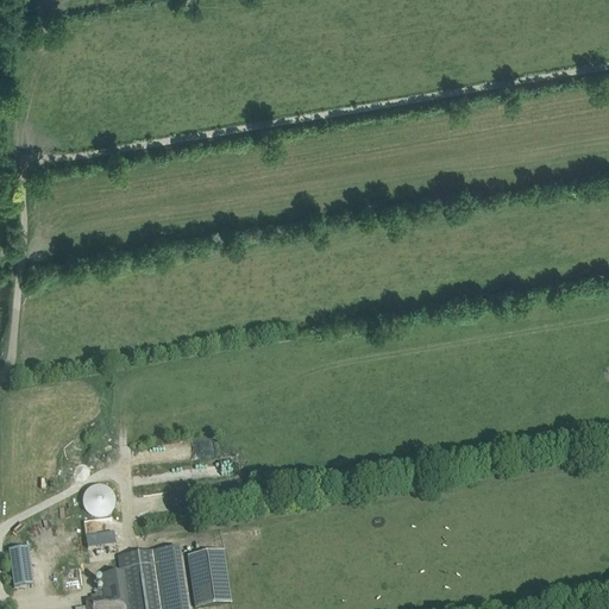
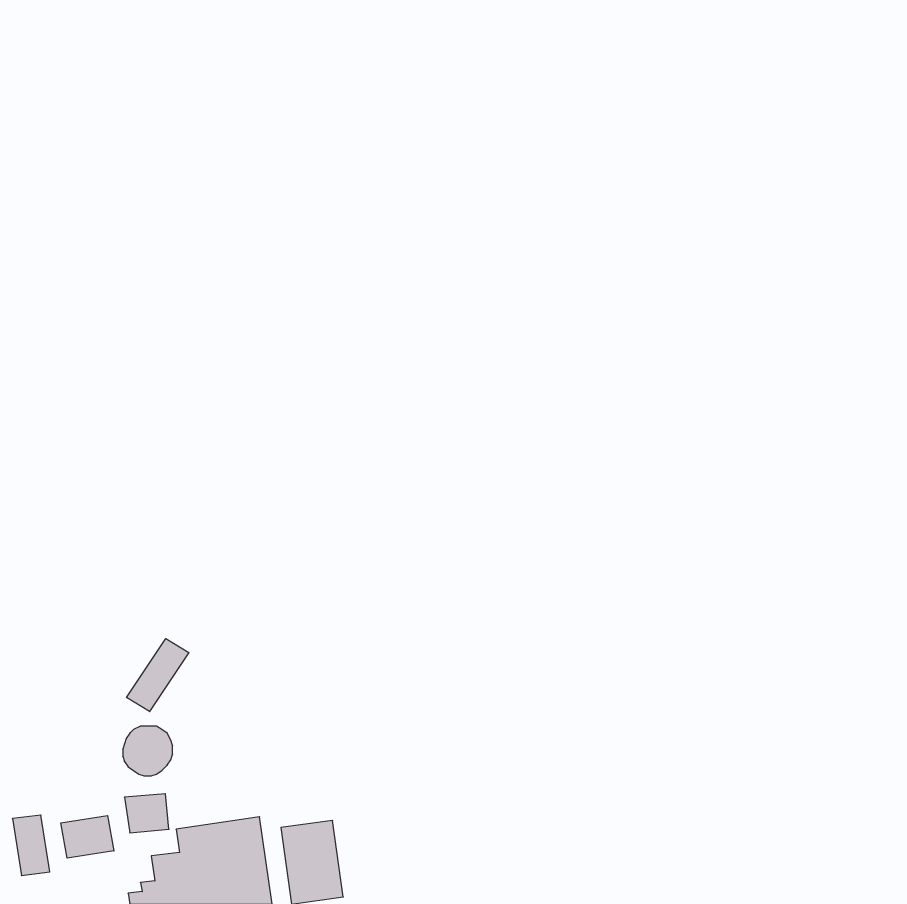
building: none -> [127,639,189,712]
building: none -> [61,816,114,858]

